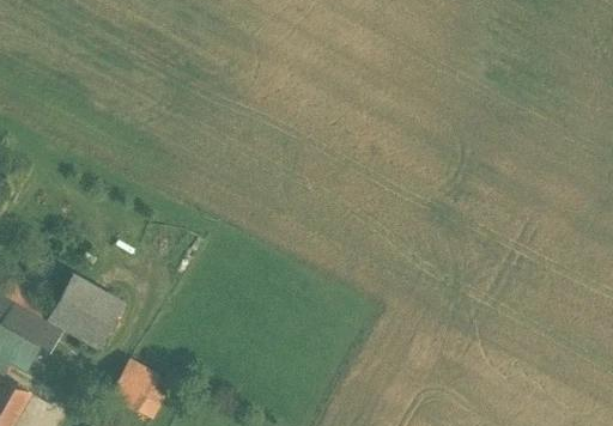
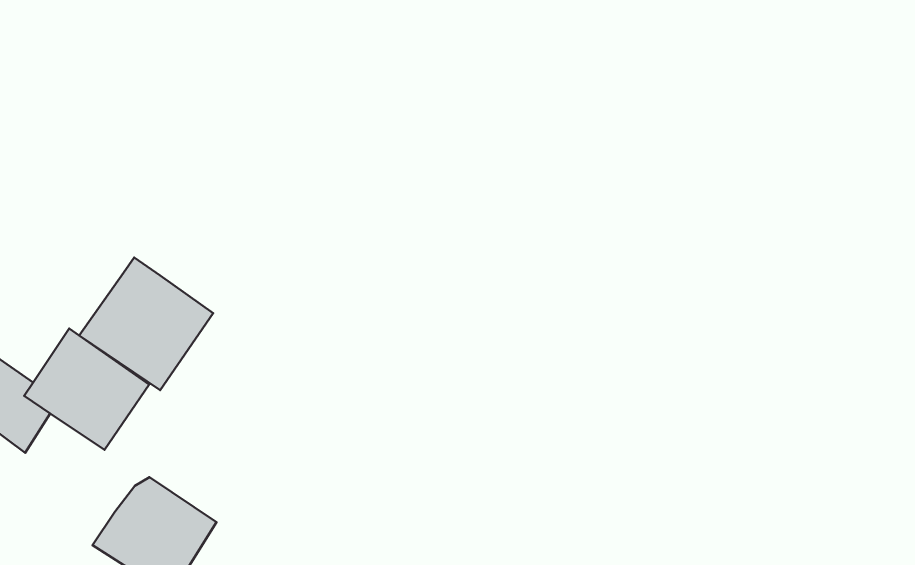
building: none -> [79,257,213,390]

